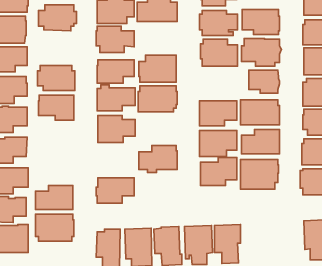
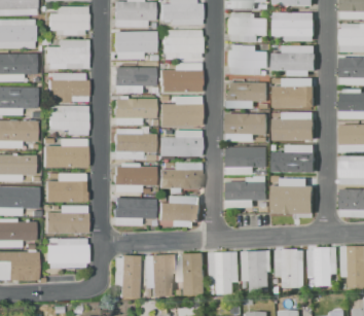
building: none -> [159,30,203,60]
building: none -> [46,40,89,69]
building: none -> [227,78,268,108]
building: none -> [160,131,203,160]
building: none -> [49,139,88,169]
building: none -> [114,164,155,192]
building: none -> [46,174,88,203]
building: none -> [159,197,203,226]
building: none -> [311,246,339,287]
building: none -> [278,248,306,287]

